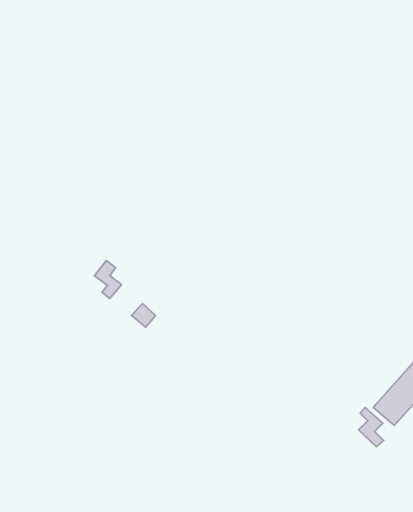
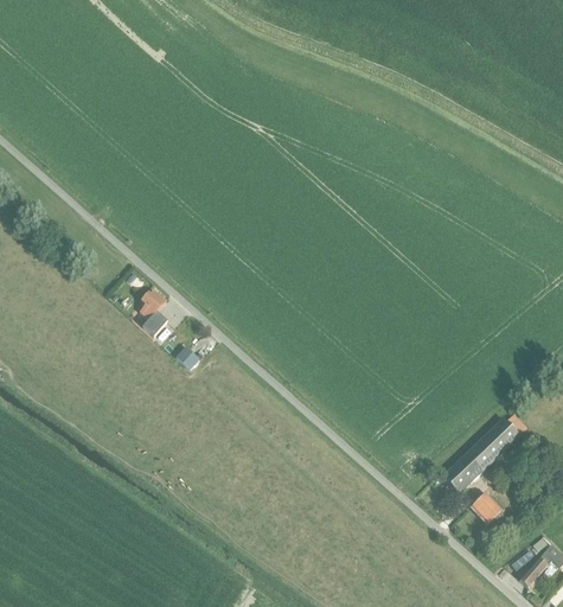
building: [359,408,384,447] -> none

